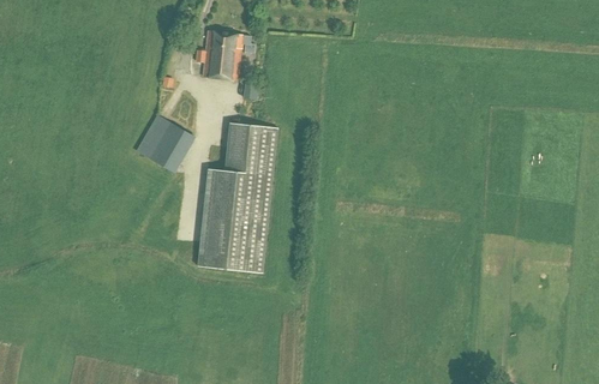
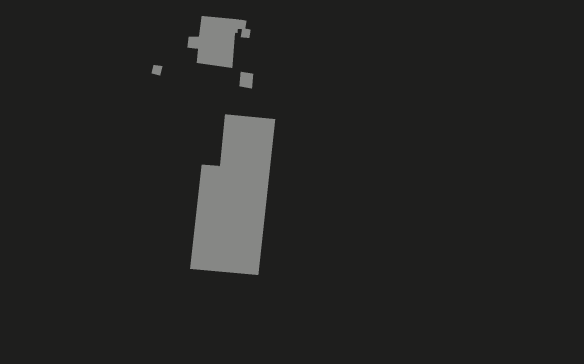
building: [136,114,196,173] -> none

